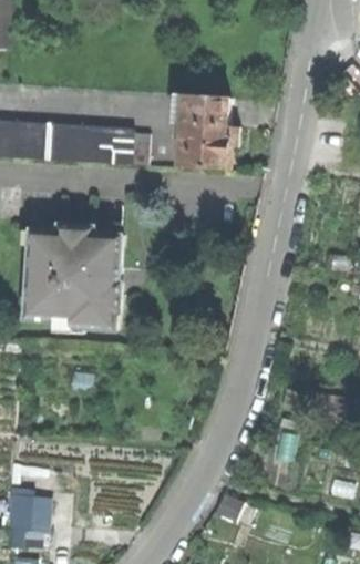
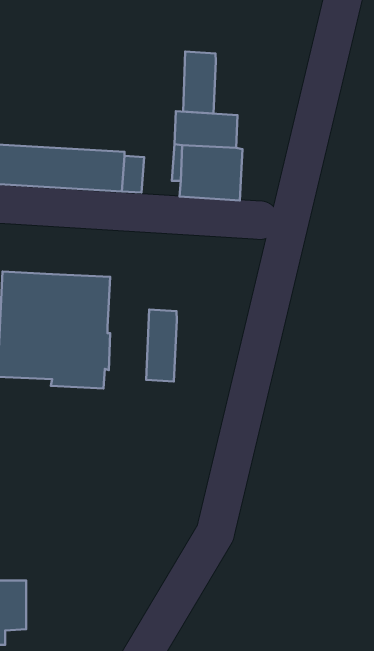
building: none -> [183,52,216,113]
building: none -> [146,310,177,382]

